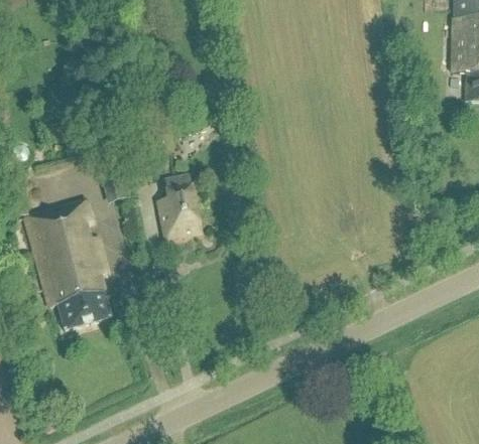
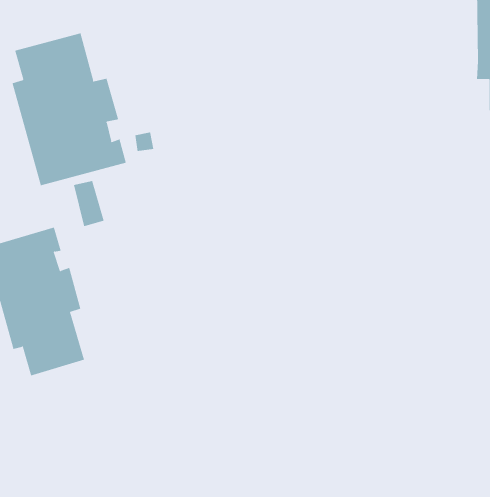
building: none -> [12,33,126,186]
building: [158,173,201,239] -> none

